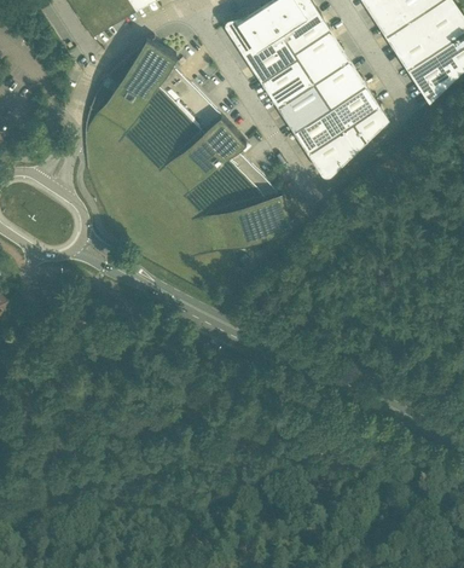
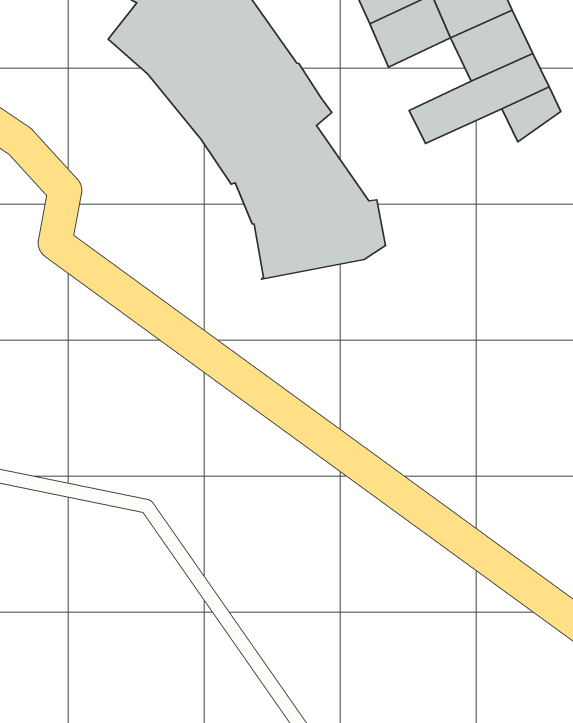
building: [277,82,330,132] -> none
building: [307,122,365,175] -> none

